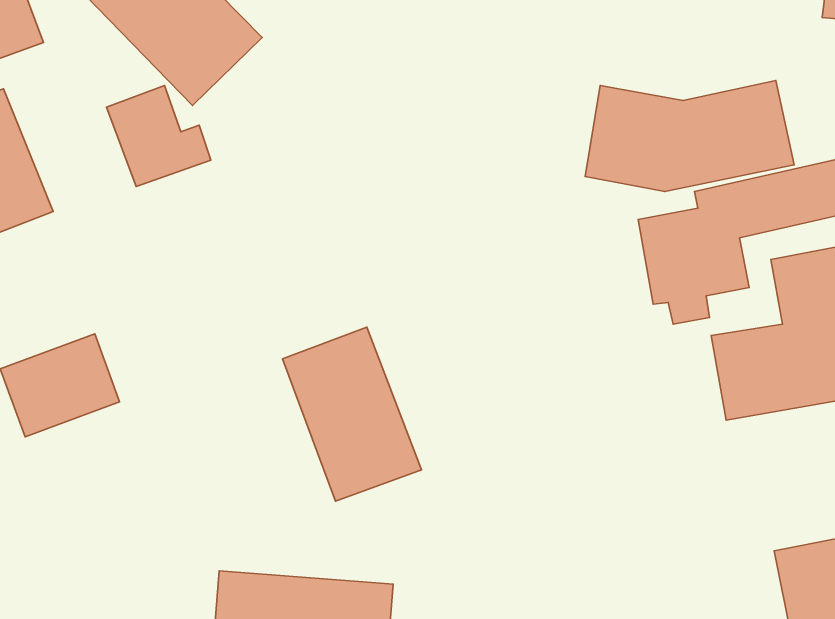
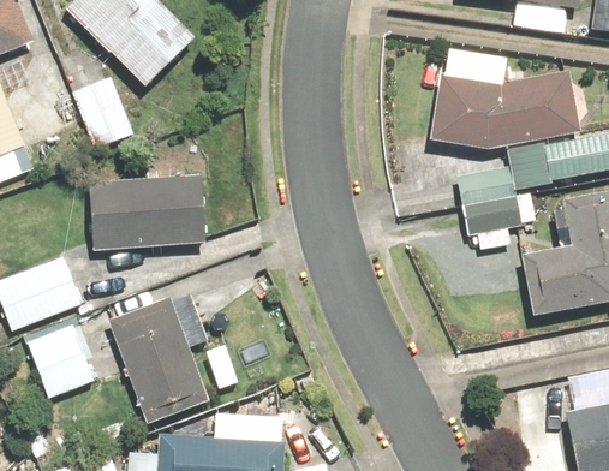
building: none -> [86,173,201,250]
building: [282,327,422,501] -> [106,298,207,424]
building: none -> [32,317,103,395]

